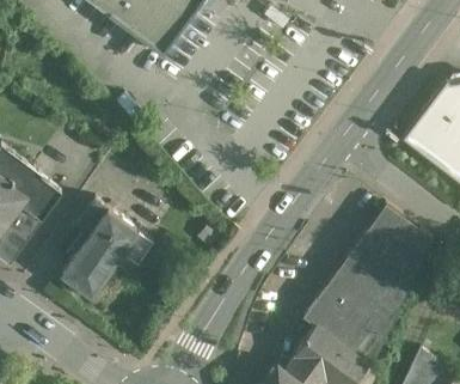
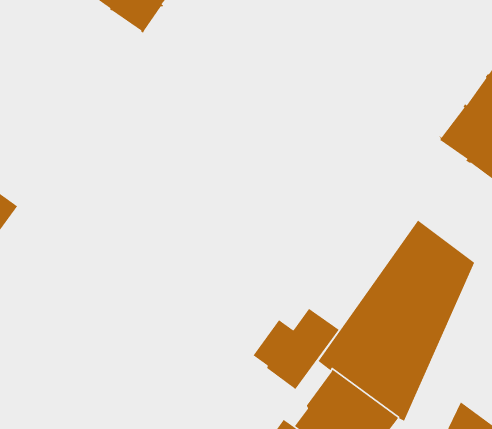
building: [60,200,152,298] -> none
building: none -> [253,308,339,390]

